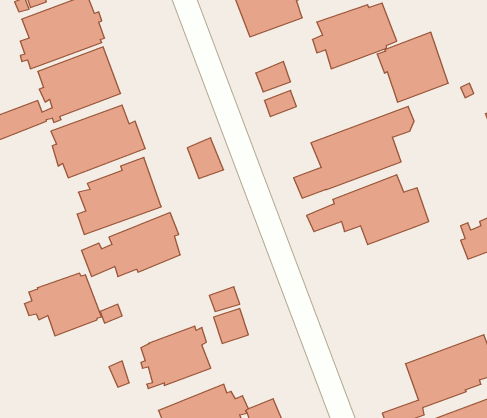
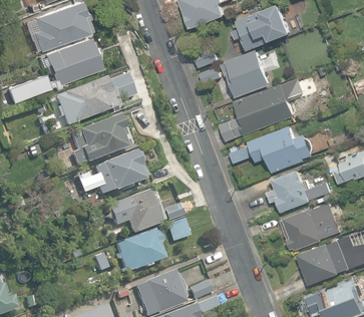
building: [377,32,448,102] -> [224,48,273,96]
building: [187,138,224,179] -> [111,72,136,100]
building: none -> [270,169,334,211]
building: [24,273,101,336] -> [112,189,165,232]
building: none -> [284,202,343,249]

